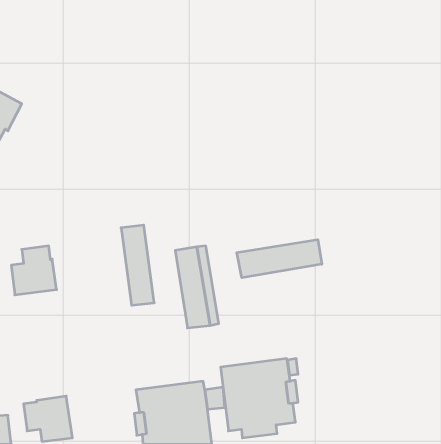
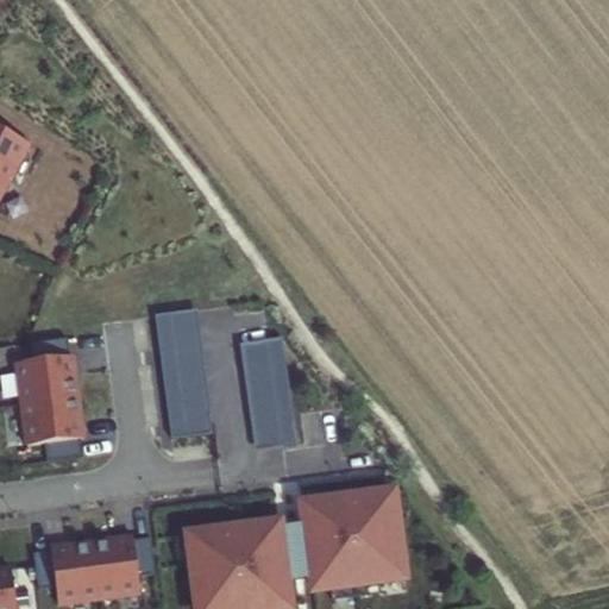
building: none -> [153,310,213,437]
building: [237,240,322,278] -> none
building: none -> [20,395,82,459]
building: none -> [90,535,155,597]

